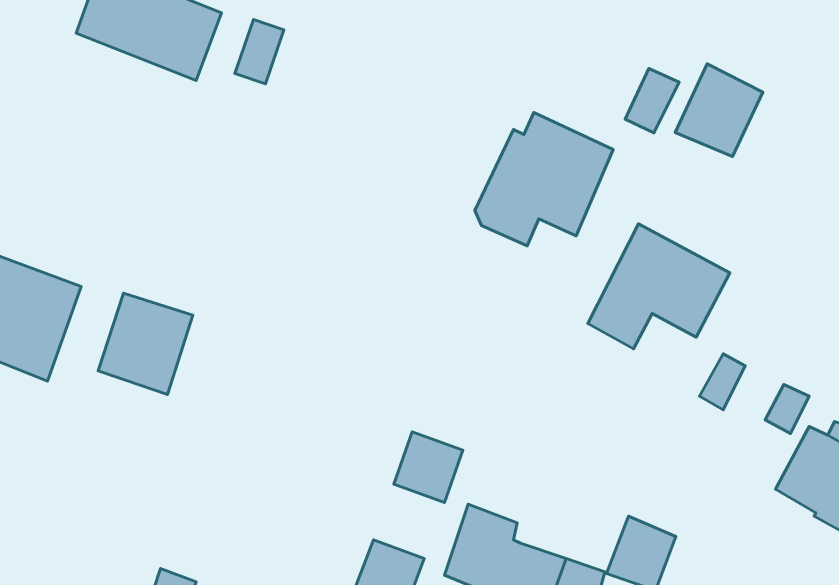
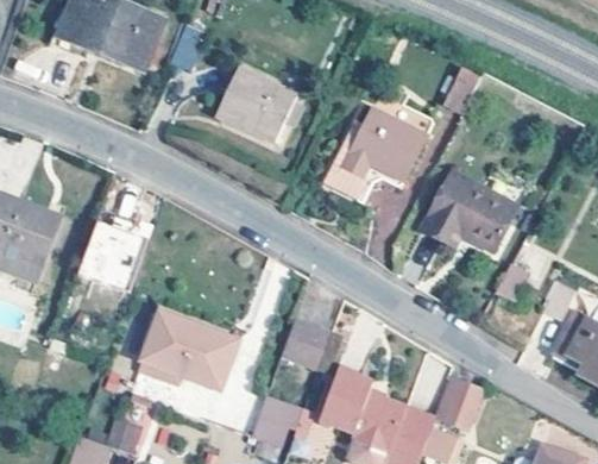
building: [675,64,763,156] -> none
building: none -> [219,70,300,145]
building: none -> [144,308,241,387]

